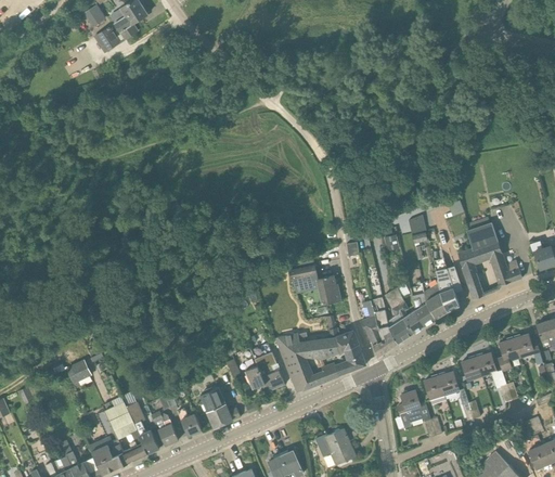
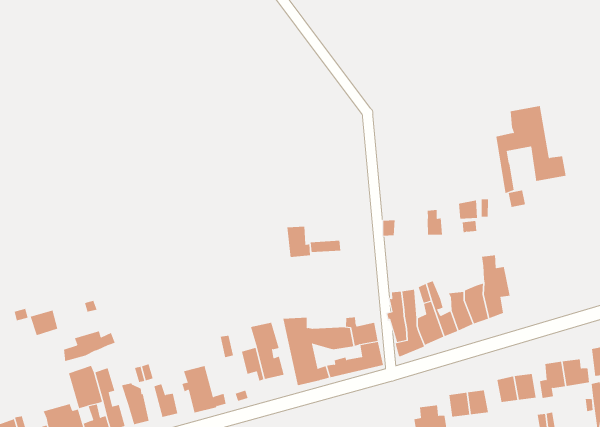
building: [457,222,521,300] -> [495,105,566,194]
building: [315,276,339,305] -> [287,226,311,258]
building: none -> [63,331,116,362]

